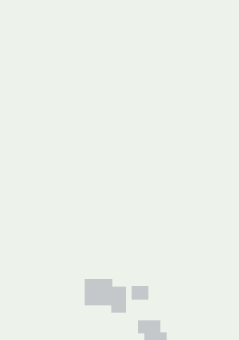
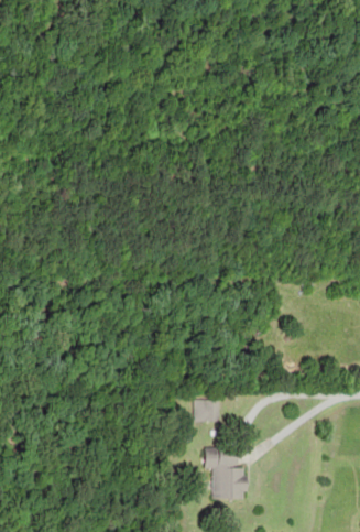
building: [84,278,127,314] -> none

